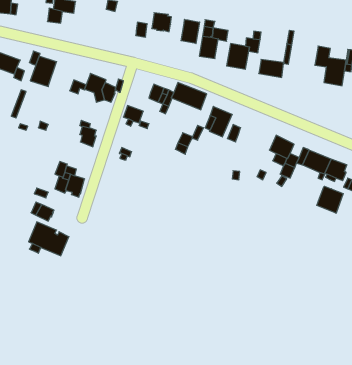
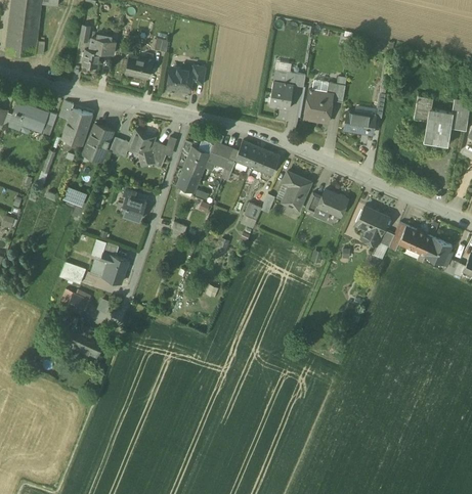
building: [152,13,171,32] -> [168,68,192,91]
building: none -> [125,54,153,79]
building: [181,19,200,44] -> none
building: none -> [83,123,113,161]
building: none -> [181,145,210,176]
building: none -> [318,189,347,215]
building: [317,186,343,213] -> none

